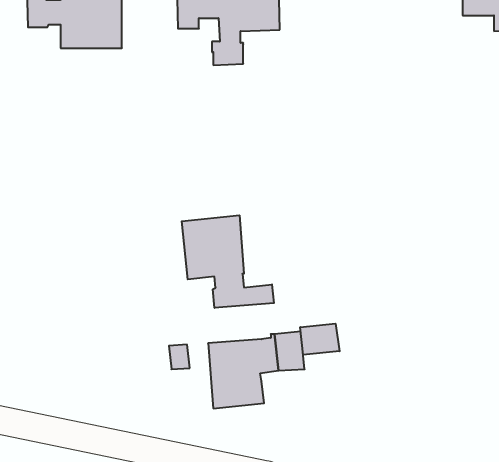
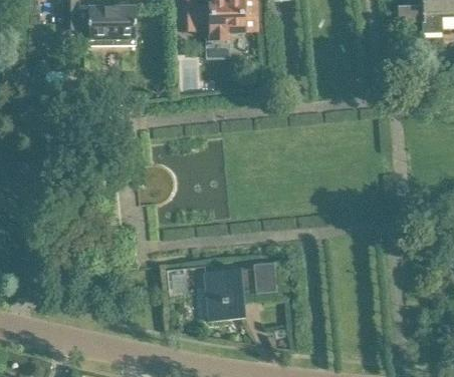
building: [182,215,274,308] -> none
building: [300,324,340,355] -> none

